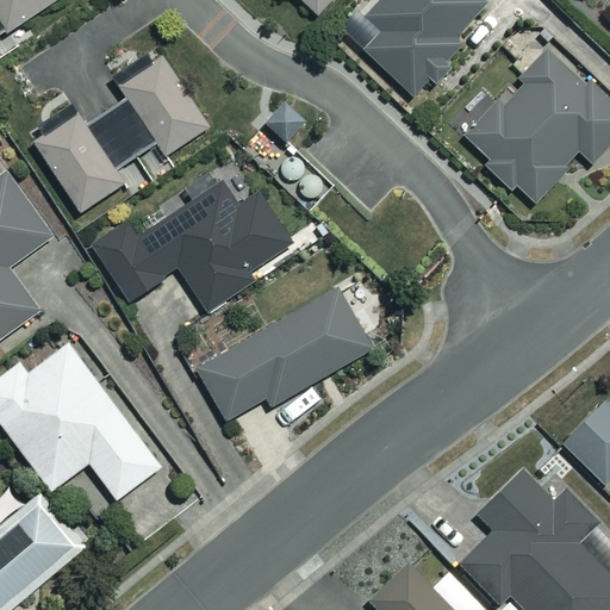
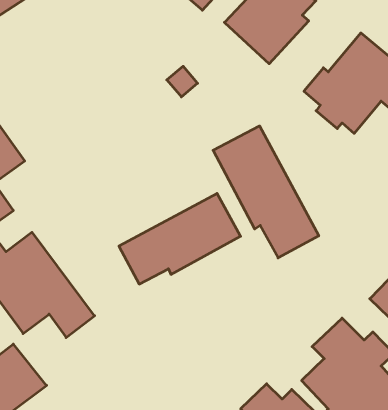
building: [33,56,207,211] -> none
building: [92,181,292,310] -> none
building: none -> [213,126,319,258]

